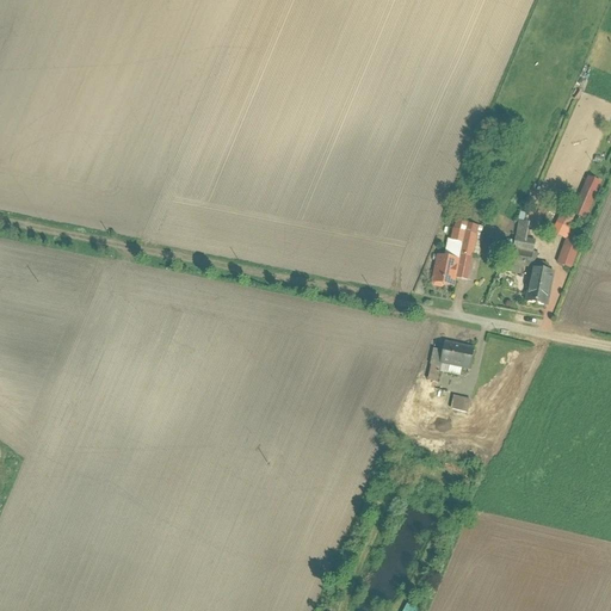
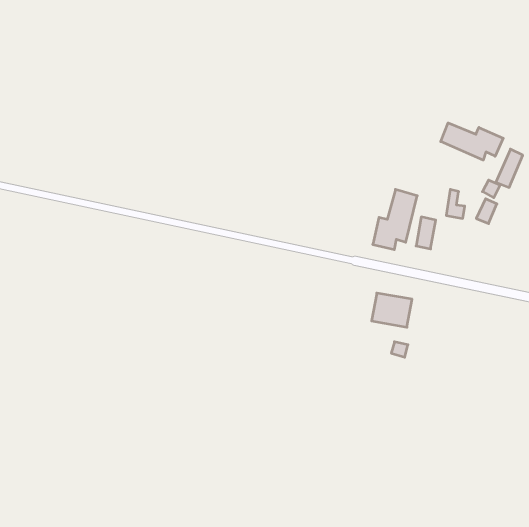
building: none -> [441,123,503,160]
building: [527,266,550,303] -> [416,217,436,249]

